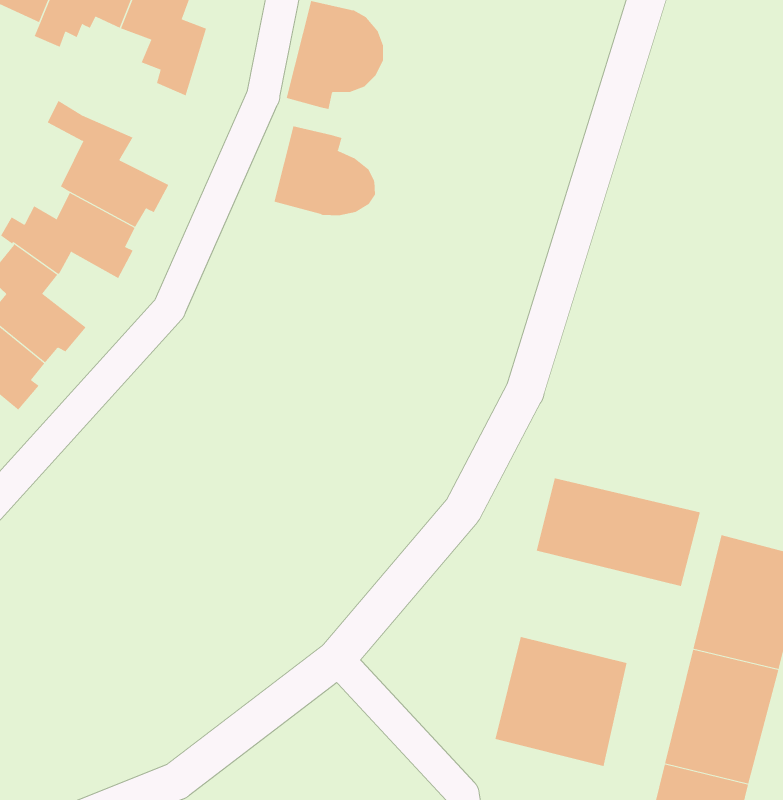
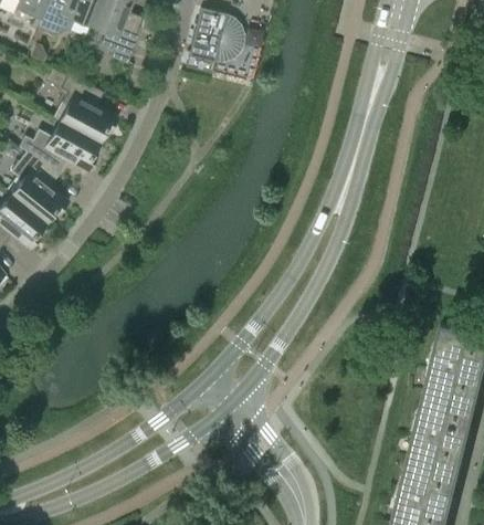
building: [274,125,376,216] -> none
building: [536,477,700,587] -> none
building: [495,636,627,767] -> none

